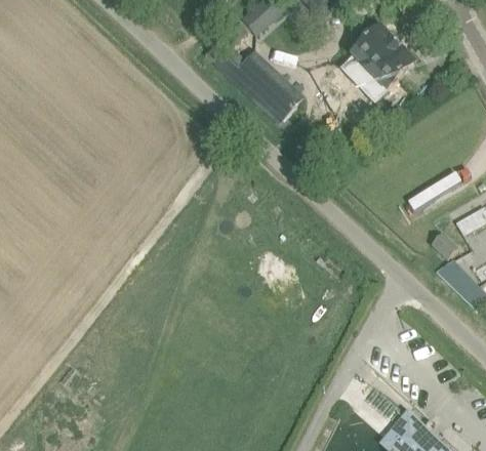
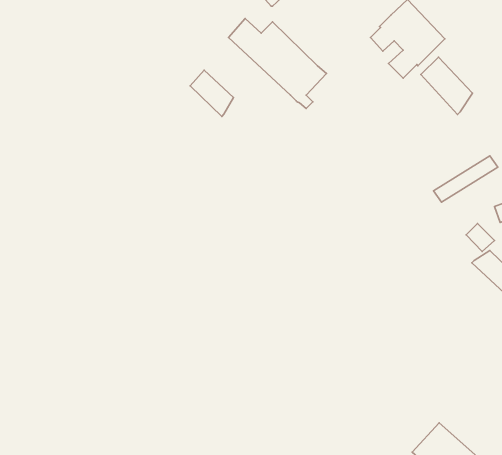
building: none -> [421,57,472,115]
building: none -> [190,70,233,117]

